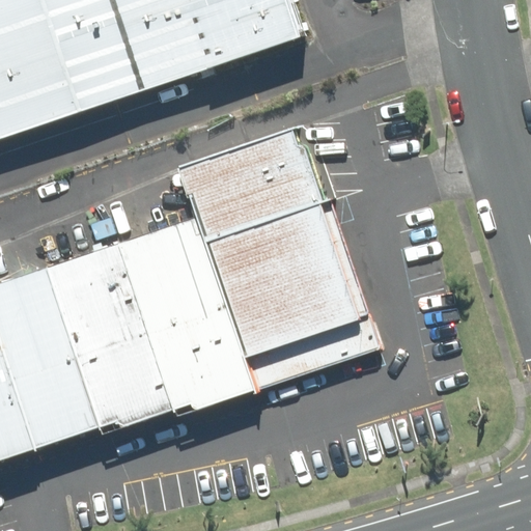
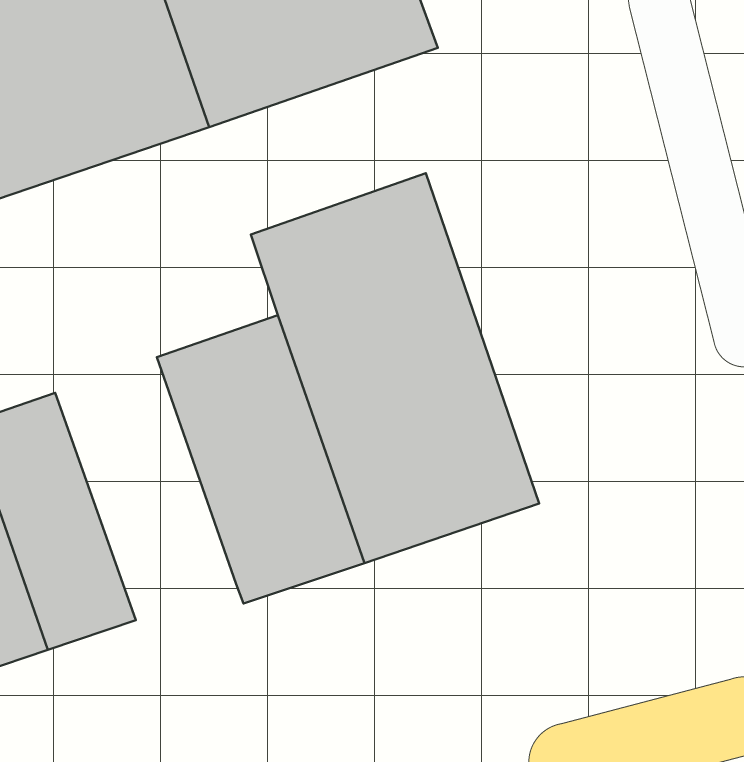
building: [38,248,164,430] -> none

